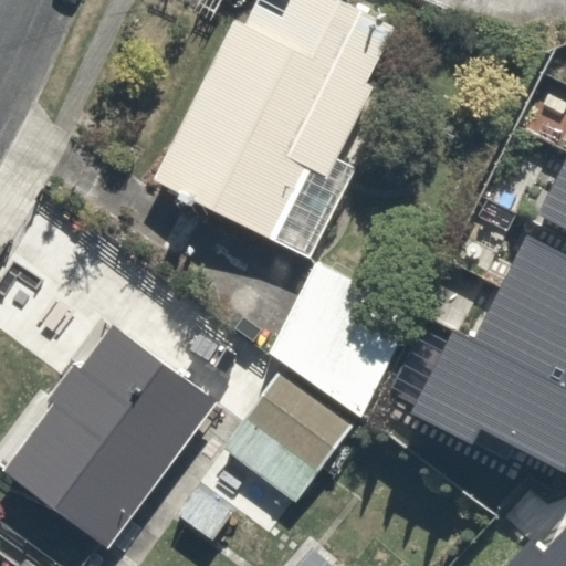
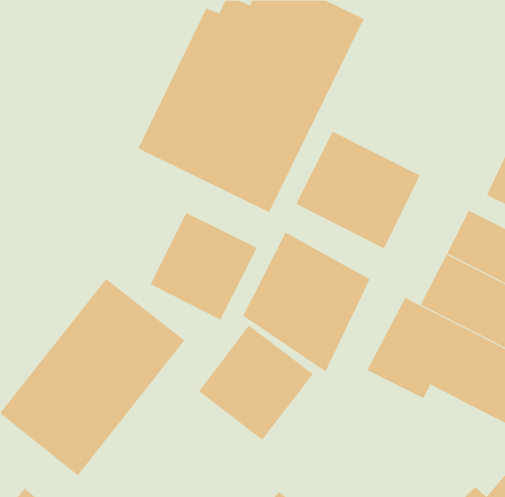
building: none -> [295,131,421,249]
building: none -> [150,212,258,320]

